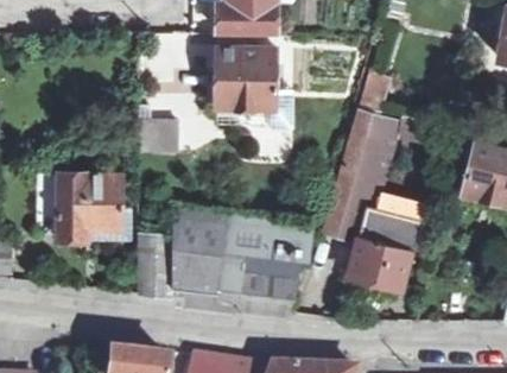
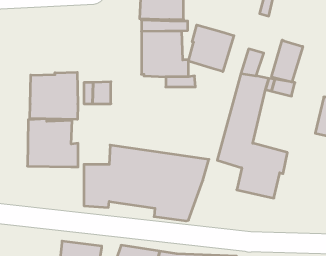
building: none -> [189,25,234,72]
building: none -> [272,40,303,82]
building: none -> [30,72,78,119]

